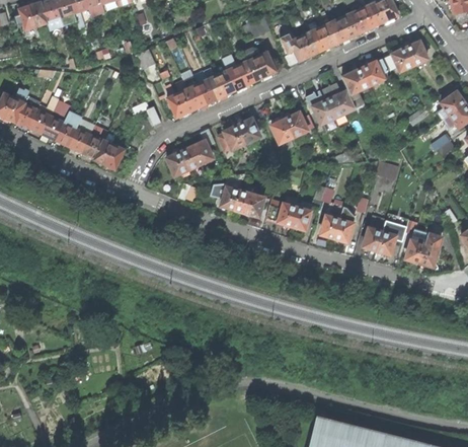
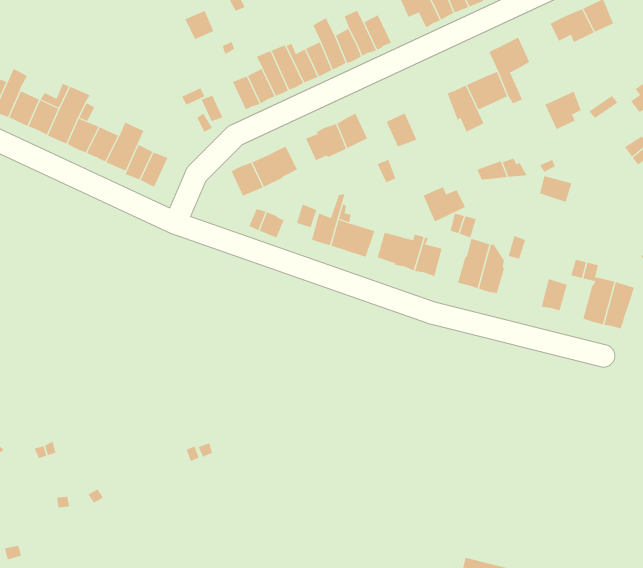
building: [362,58,387,84] -> [544,91,582,130]
building: [285,113,314,137] -> [423,186,466,222]
building: [363,215,386,250] -> none

